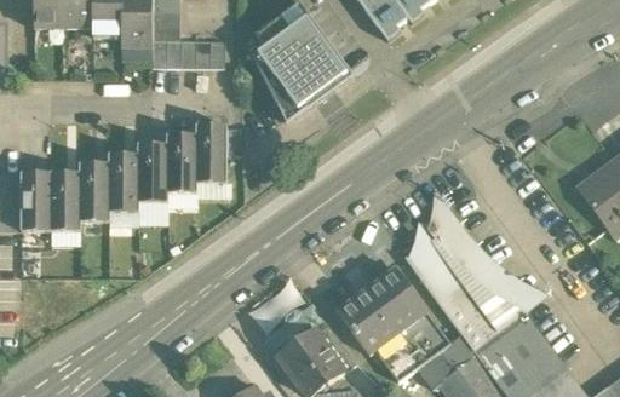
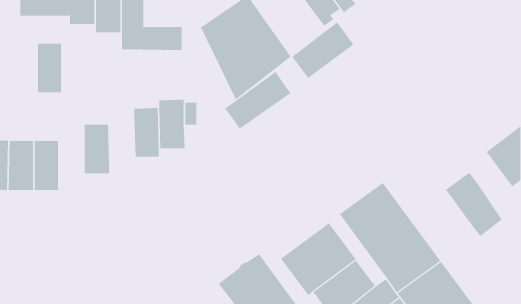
building: none -> [292,22,354,79]
building: none -> [225,71,291,130]
building: [137,143,167,201] -> none
building: [79,162,108,220] -> [37,43,62,93]
building: none -> [445,172,503,237]

